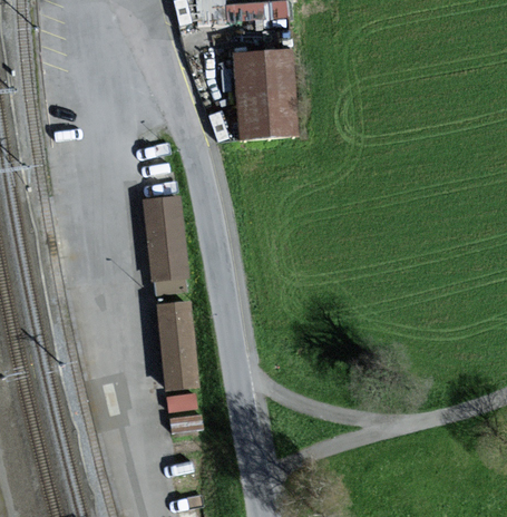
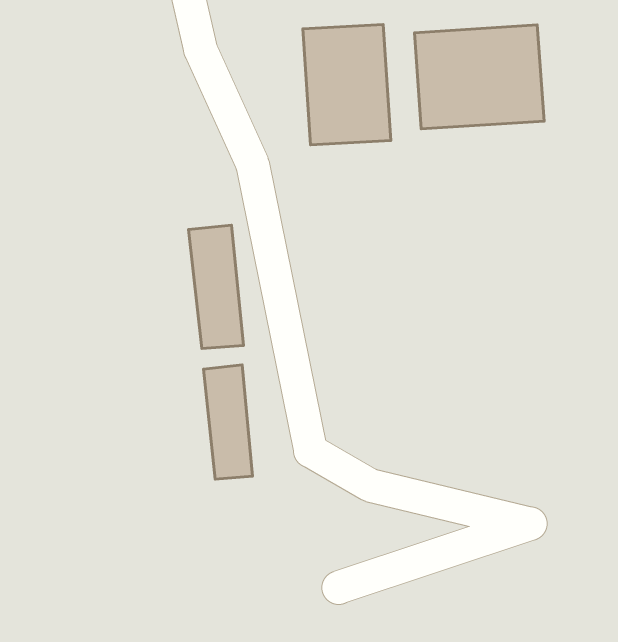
building: none -> [414,25,544,129]

